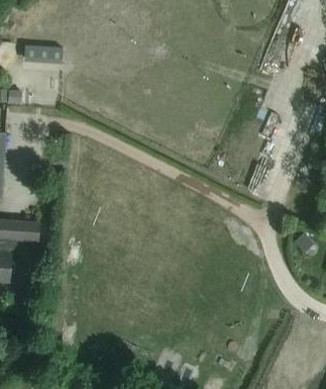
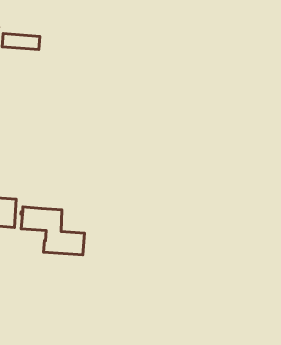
building: none -> [21,207,84,255]

